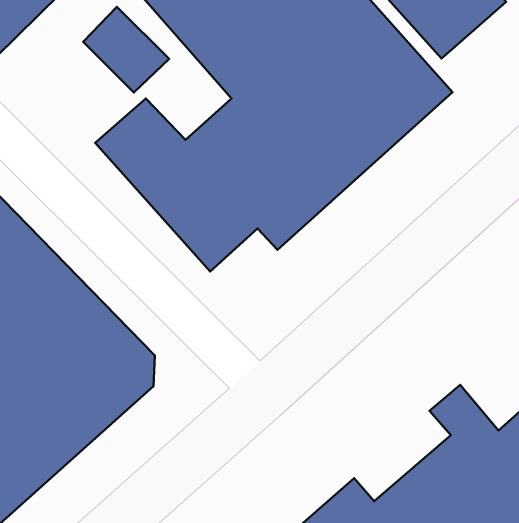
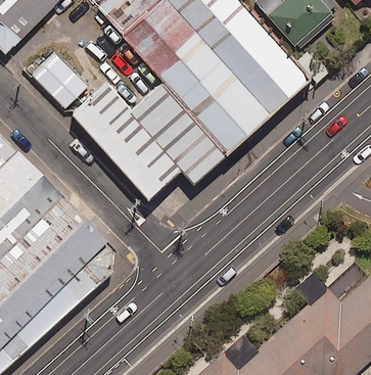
building: [83,7,169,92] -> [32,52,89,109]

